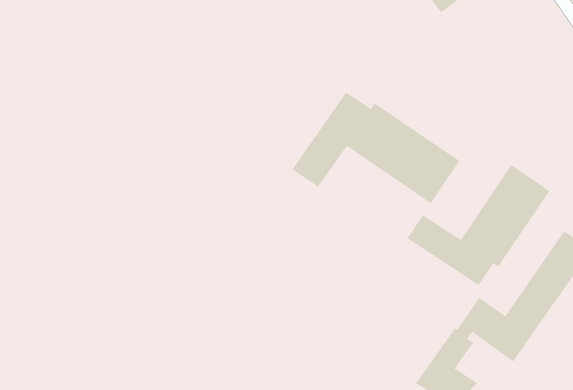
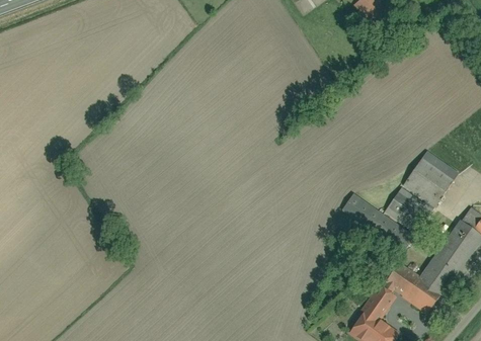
building: [292,91,460,204] -> none

